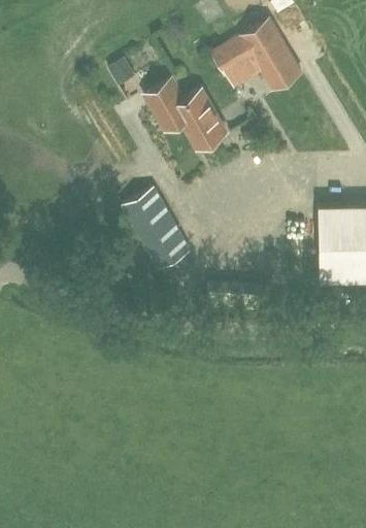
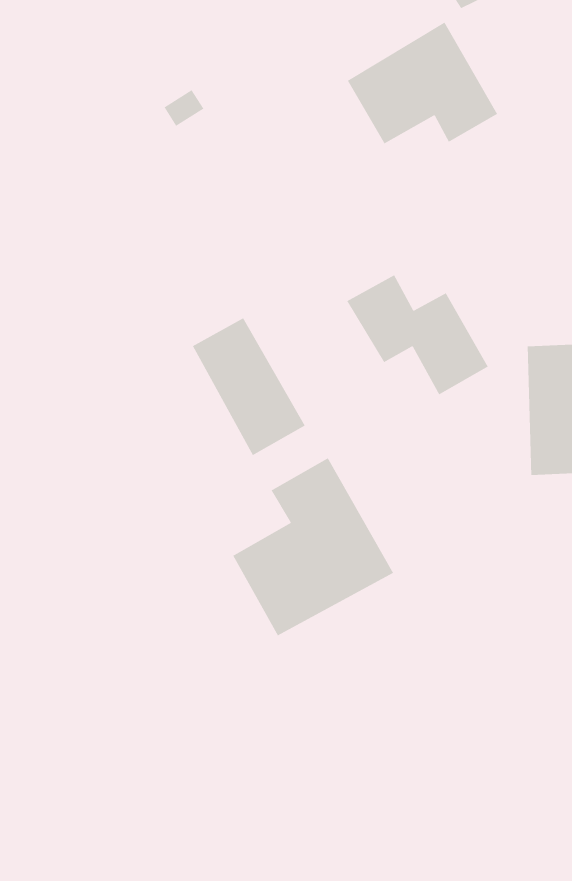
building: [144,80,227,151] -> [346,274,489,395]
building: none -> [232,457,394,636]

